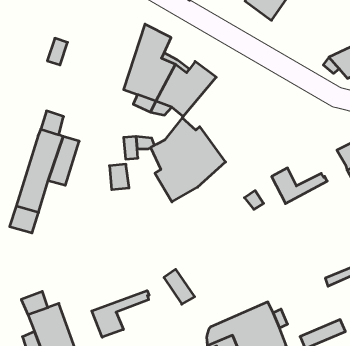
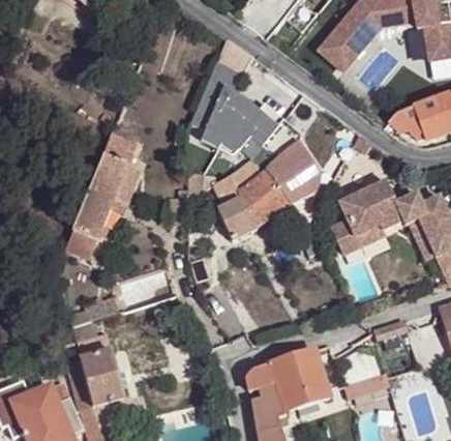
building: none -> [245,122,320,207]
building: none -> [338,182,403,237]
building: [92,291,149,337] -> none

